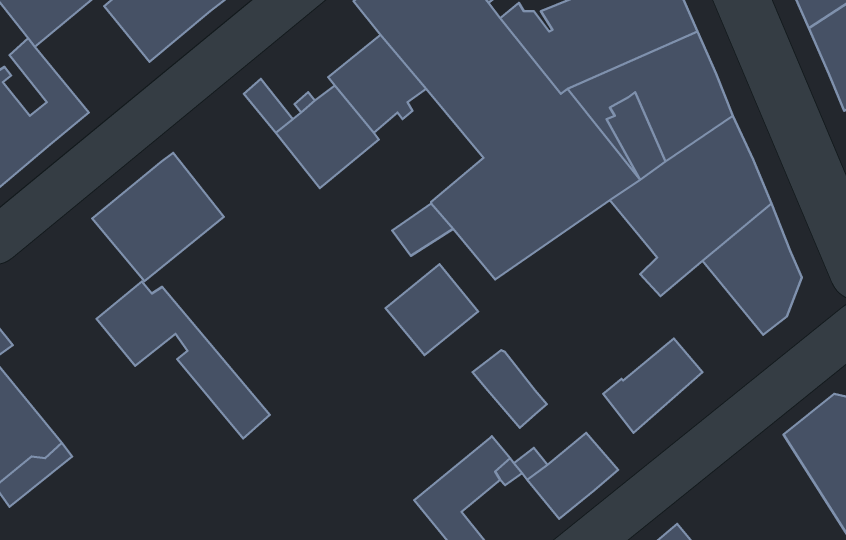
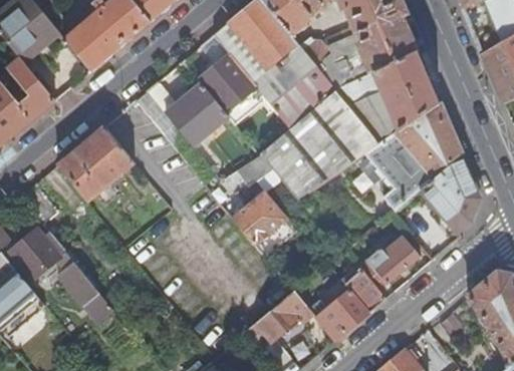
building: [96,282,270,438] -> [9,229,112,322]
building: [473,350,547,428] -> [342,268,387,314]

